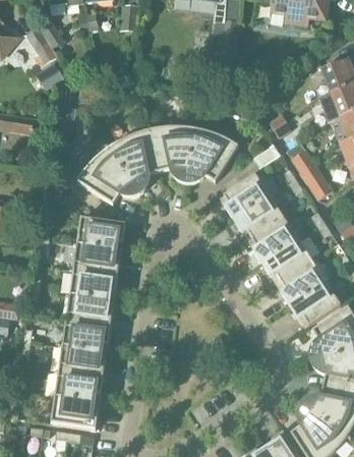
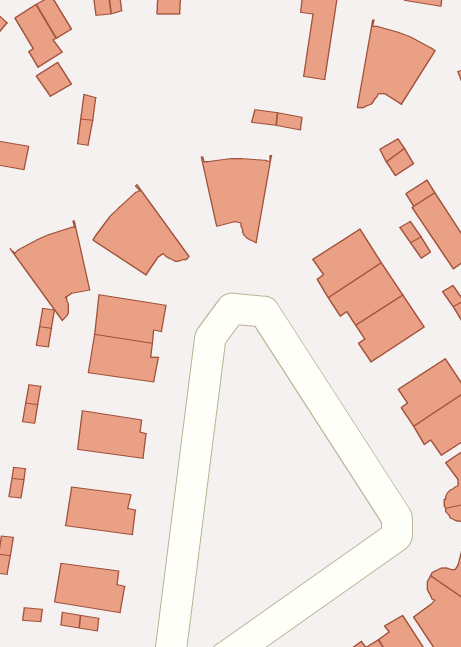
building: [186,125,238,183] -> [357,20,435,107]
building: [107,126,160,192] -> [10,221,90,321]
building: [262,239,312,281] -> none
building: [70,270,118,301] -> none
building: [63,321,111,351] -> none
building: [56,372,104,402] -> none

